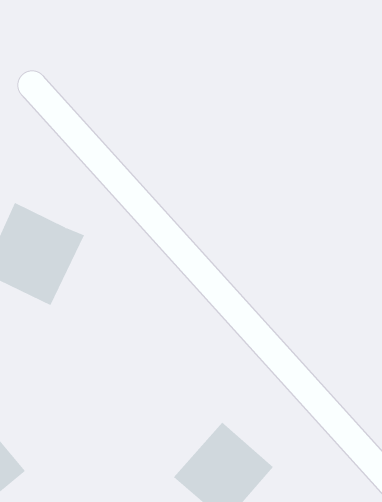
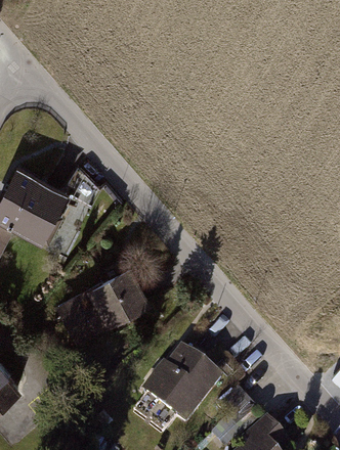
building: none -> [51,261,152,344]

